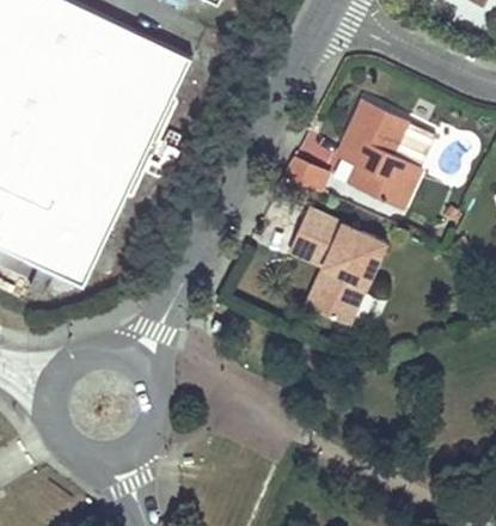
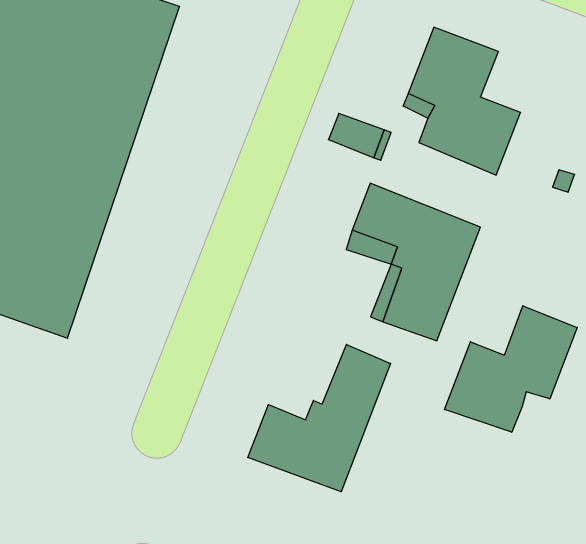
building: none -> [444,306,577,432]
building: none -> [248,344,391,492]

